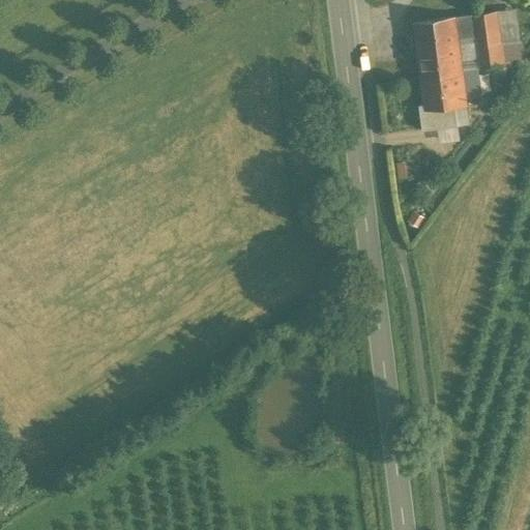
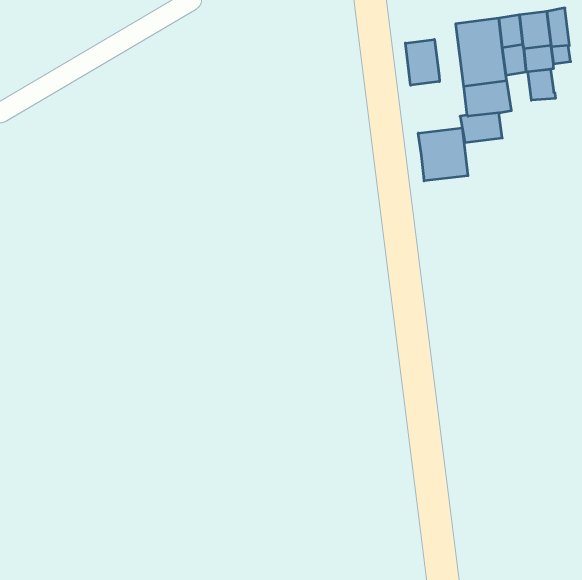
building: none -> [405,39,439,85]
building: none -> [528,69,555,100]
building: none -> [418,128,468,181]

